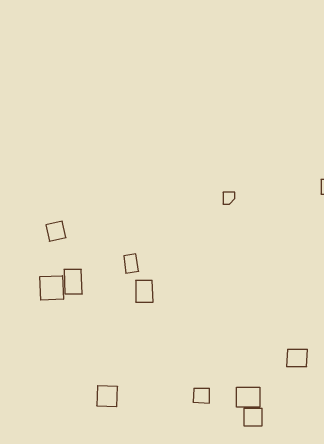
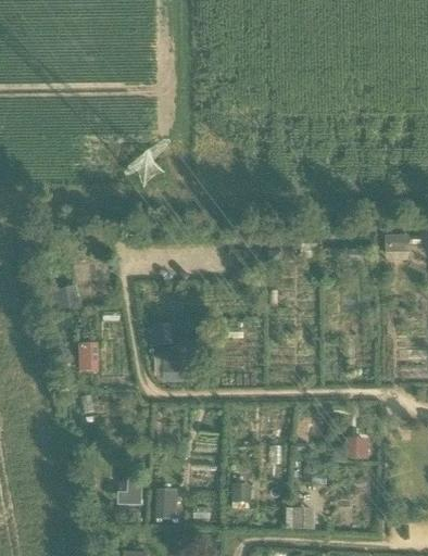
building: [40,276,63,300] -> none
building: [237,387,260,407] -> none
building: none -> [155,488,176,519]

